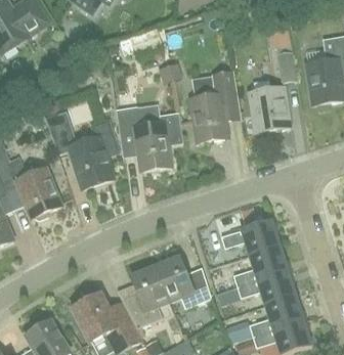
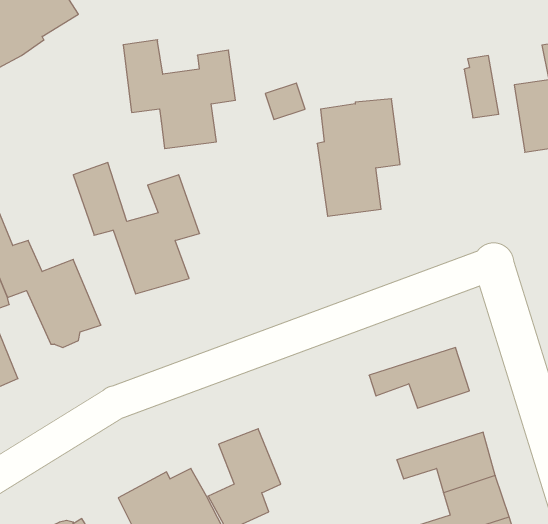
building: [249,87,290,132] -> none
building: [116,105,182,170] -> [123,40,235,149]
building: [233,245,288,285] -> none
building: [155,257,210,307] -> none

